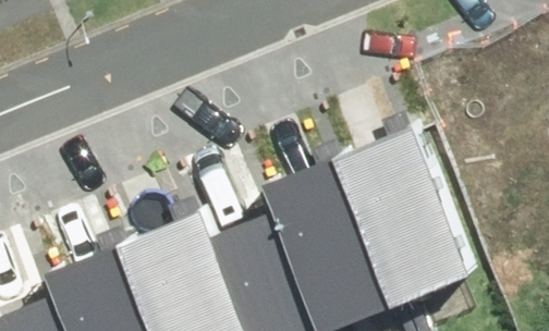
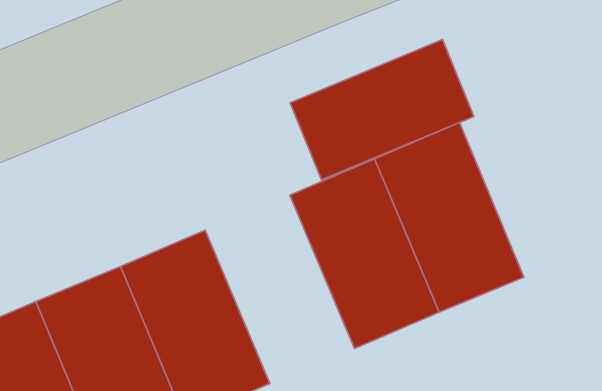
building: none -> [290,39,474,180]
building: [222,169,343,321] -> none

